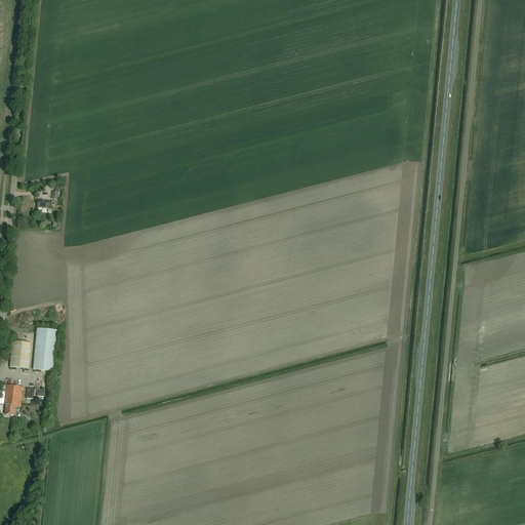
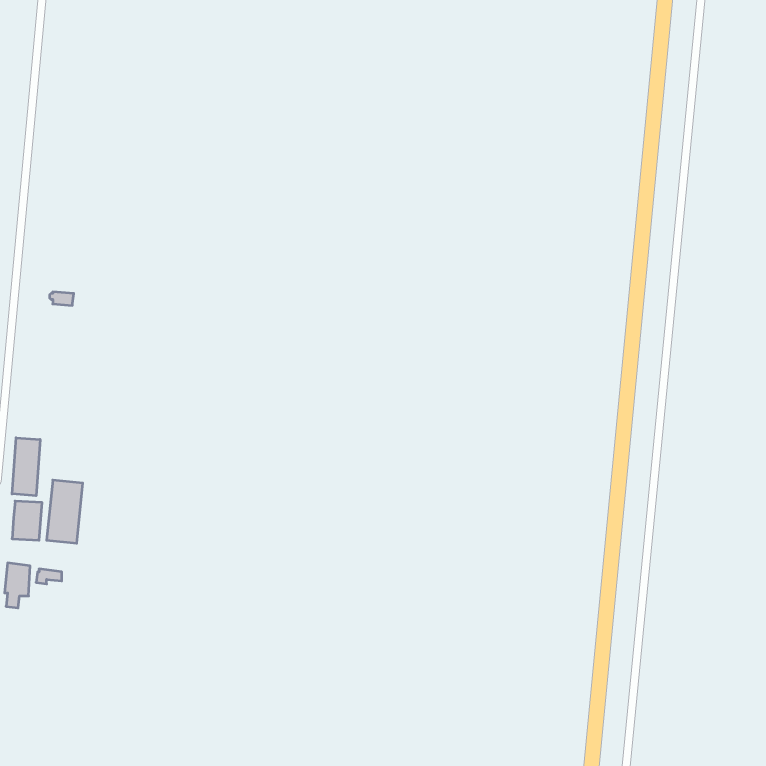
building: none -> [12,438,40,496]

